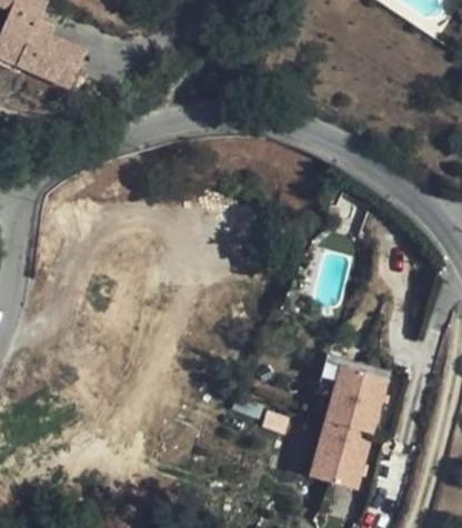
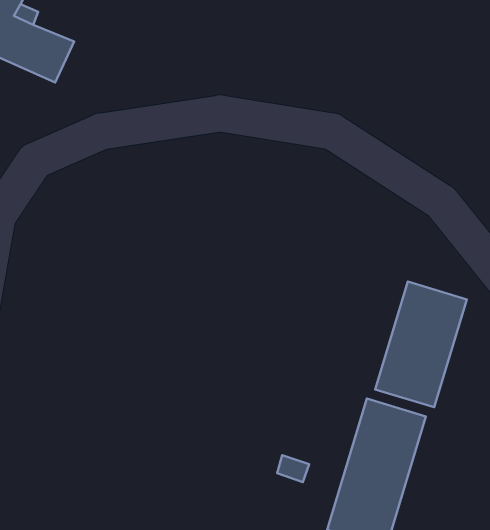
building: none -> [375,282,467,407]

